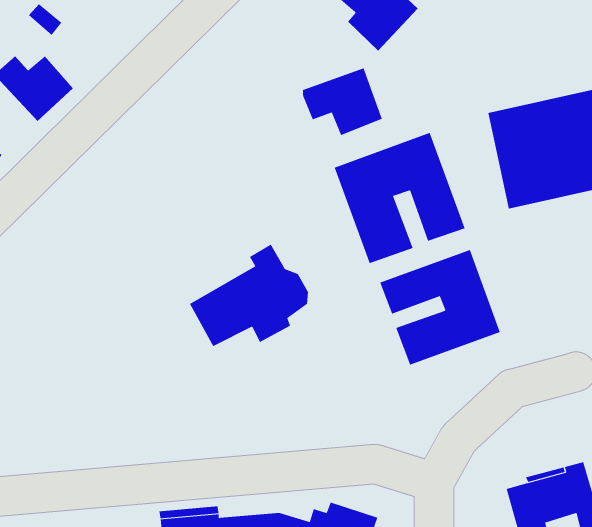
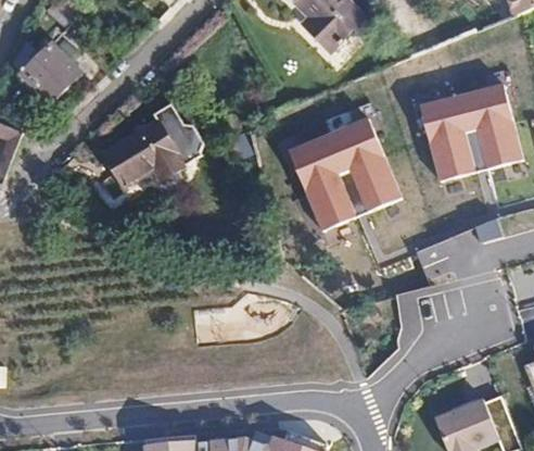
building: [303,68,383,136] -> none
building: [189,244,309,347] -> [97,107,196,192]
building: [379,249,500,366] -> none

